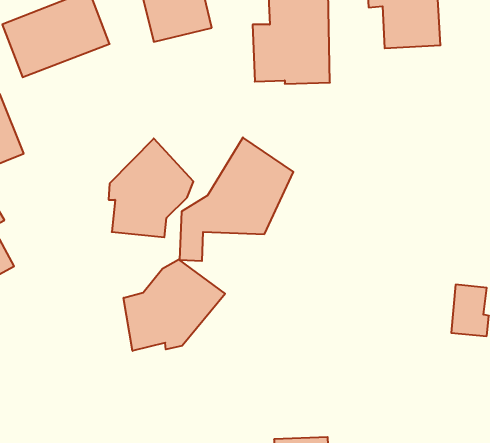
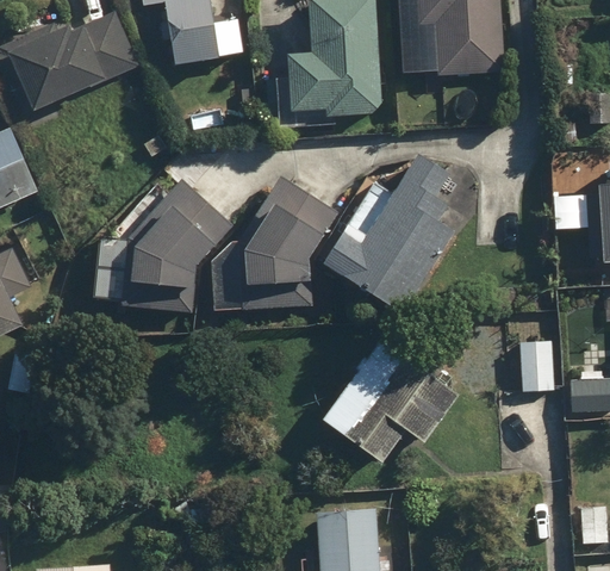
building: none -> [323,151,478,312]
building: [124,259,225,351] -> none
building: none -> [324,336,459,461]

